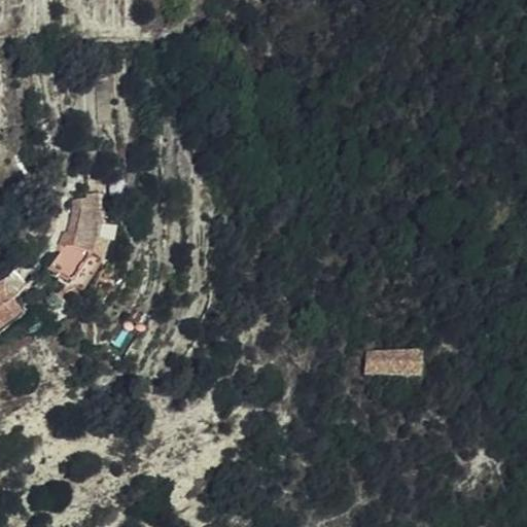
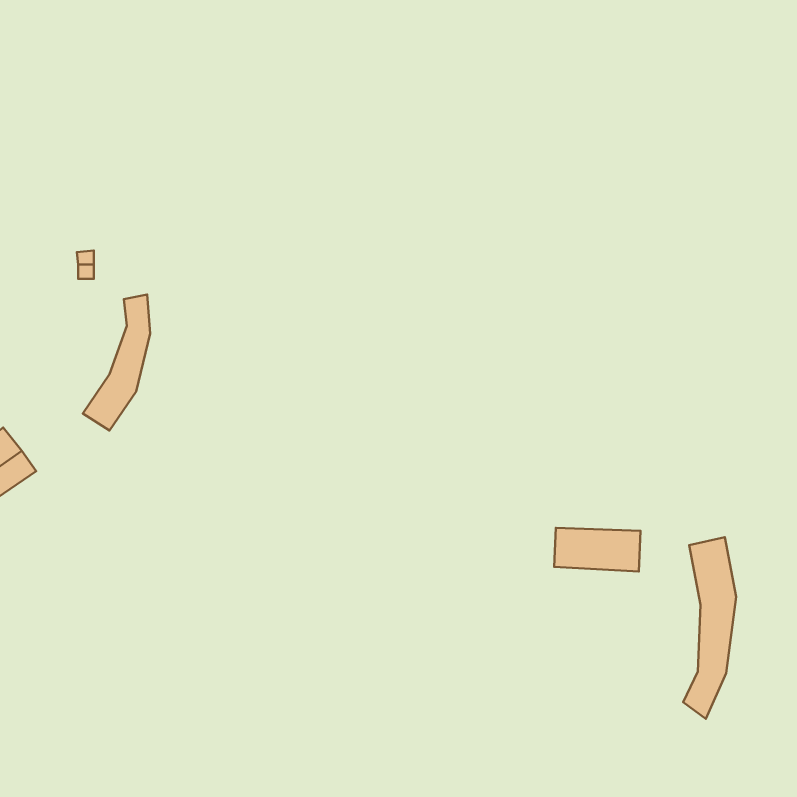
building: none -> [683,537,736,719]

